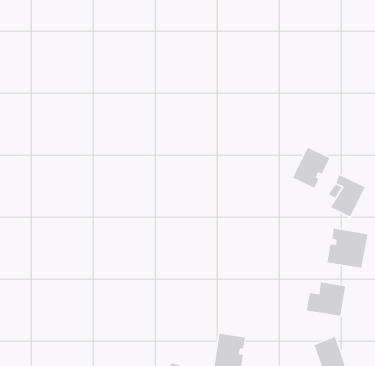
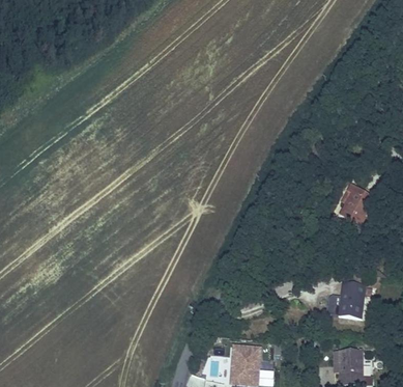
building: [292,147,330,189] -> none
building: [327,228,369,269] -> none

